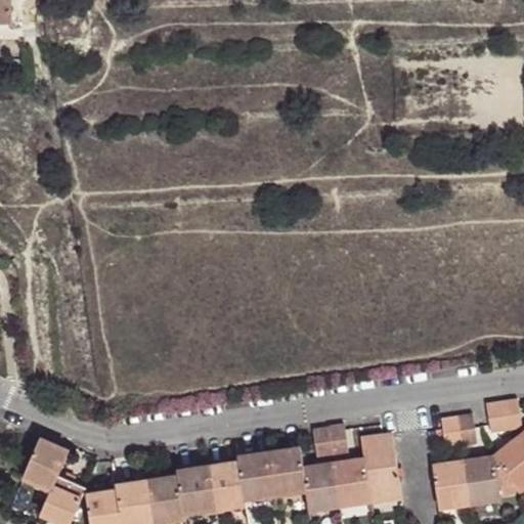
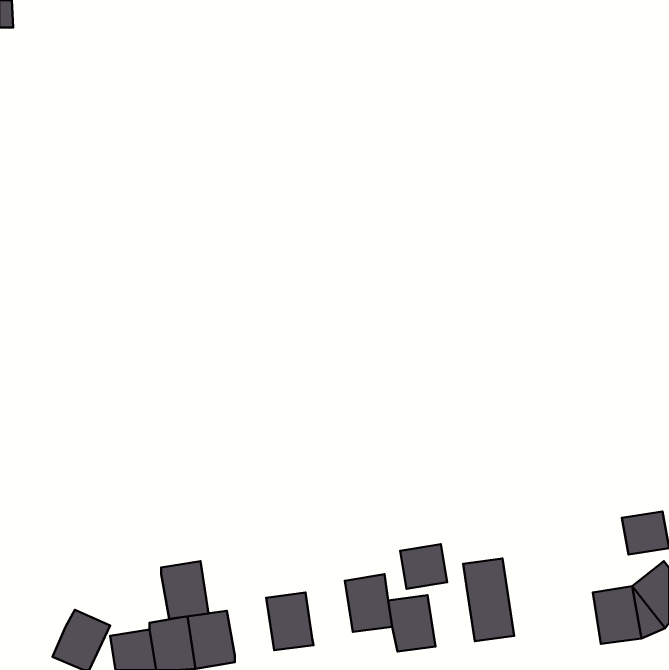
building: [441,414,476,448] -> none
building: [23,440,69,489] -> none
building: [237,453,275,498] -> none
building: [334,460,370,505] -> none
building: [432,463,469,508] -> none
building: [177,467,214,512] -> [161,561,209,619]

